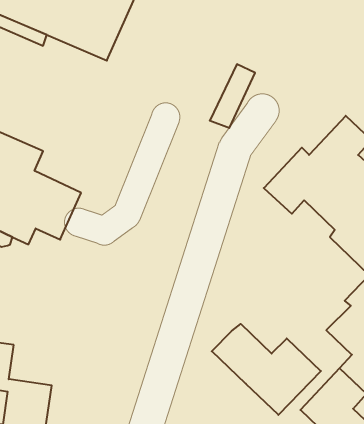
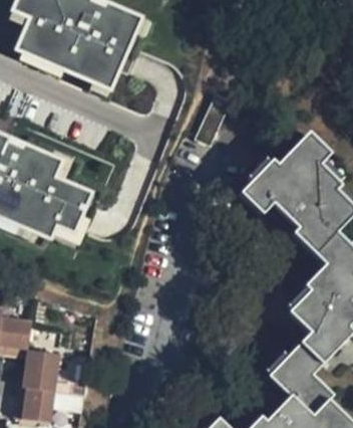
building: [212,324,321,415] -> none

